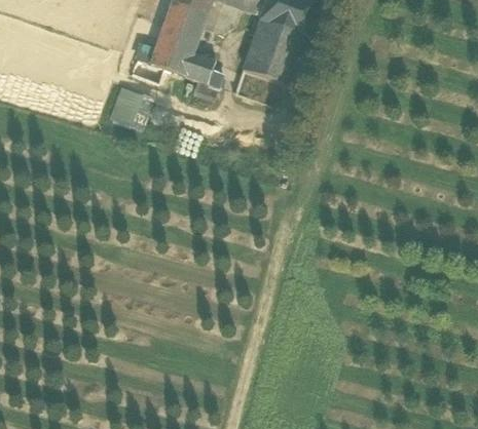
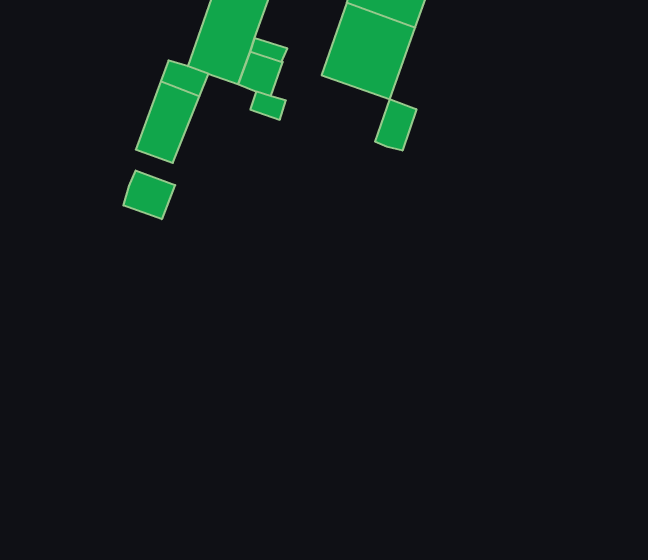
building: none -> [375,99,416,151]
building: none -> [123,170,175,219]

